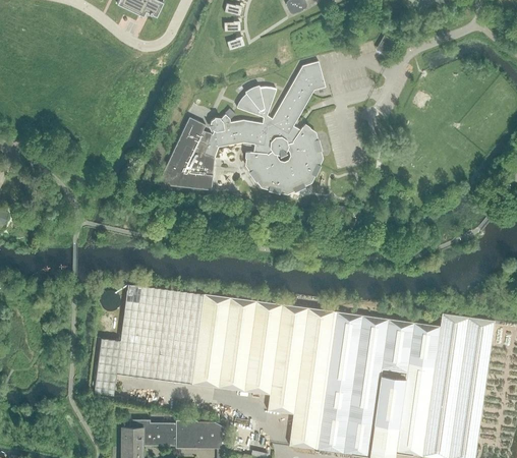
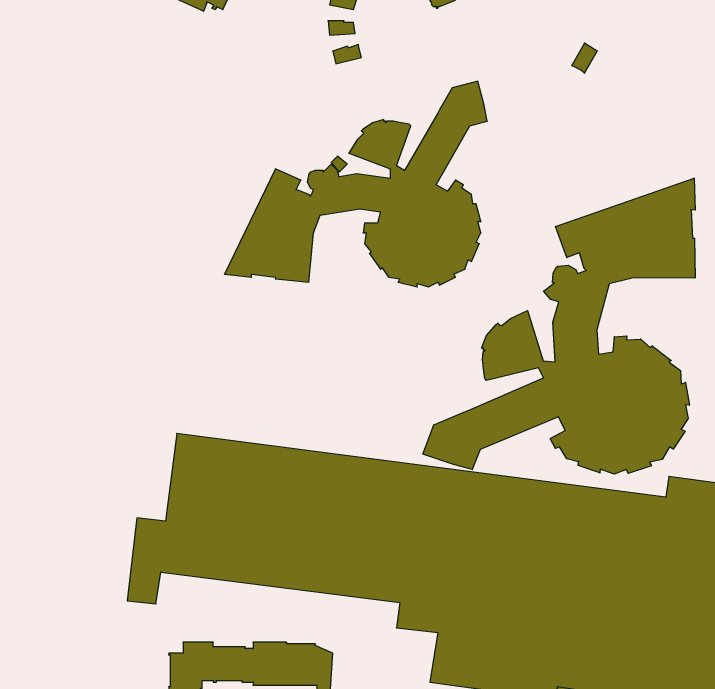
building: none -> [423,178,695,474]

